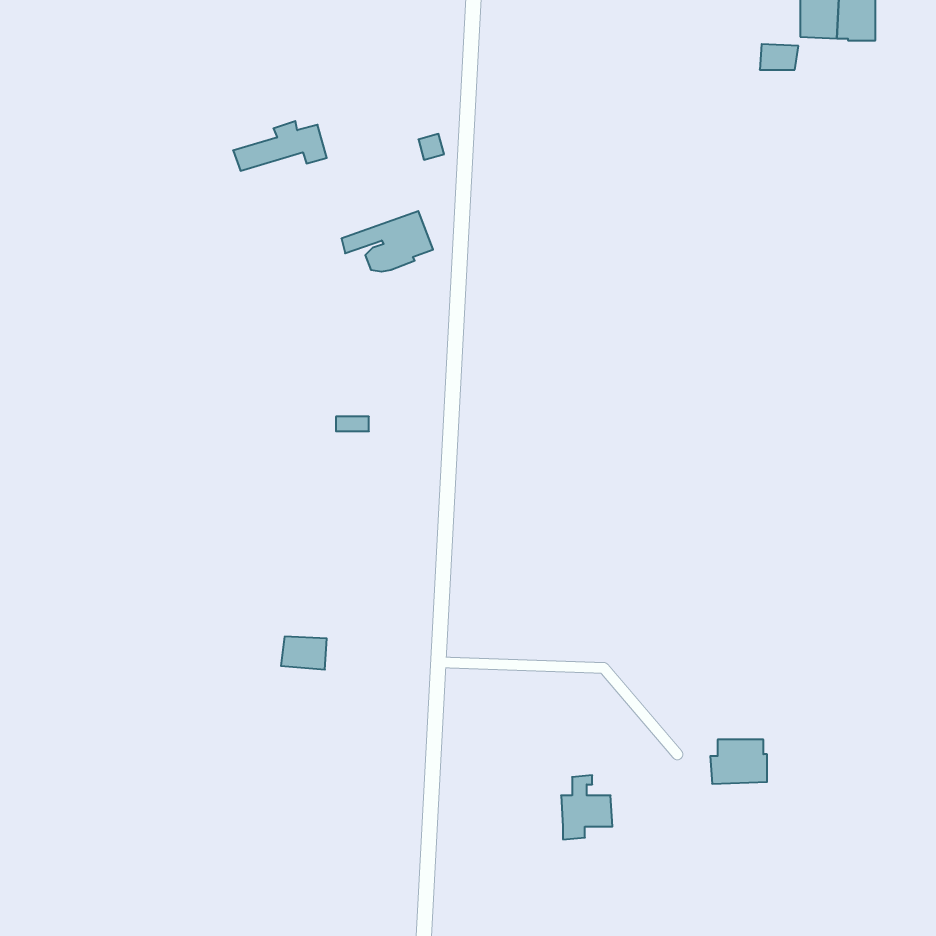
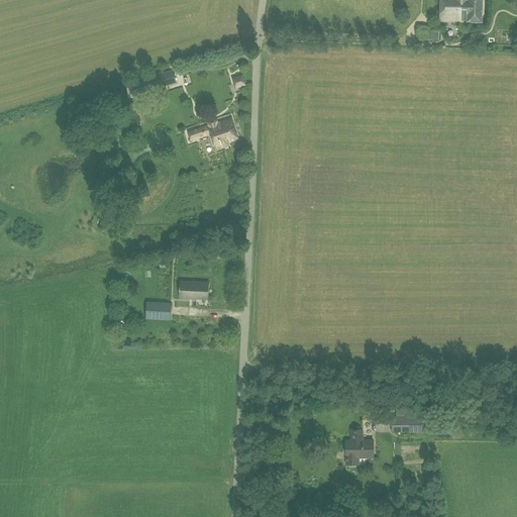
building: none -> [180,281,207,298]
building: [281,637,327,670] -> [144,301,170,319]
building: [561,775,612,839] -> [344,428,373,463]

